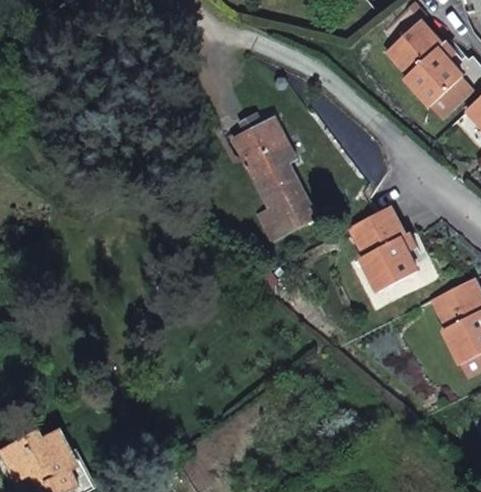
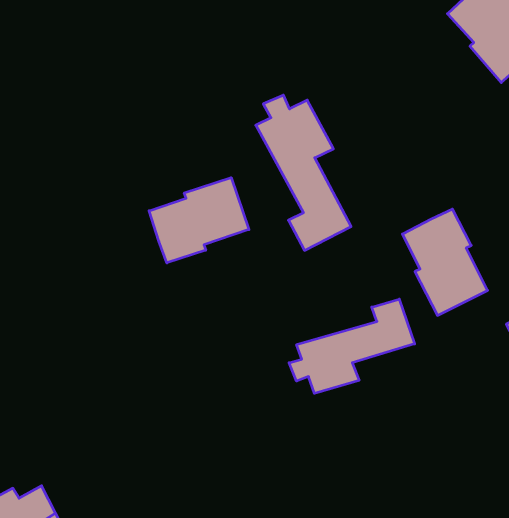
building: none -> [149,178,249,263]
building: none -> [289,299,415,393]

